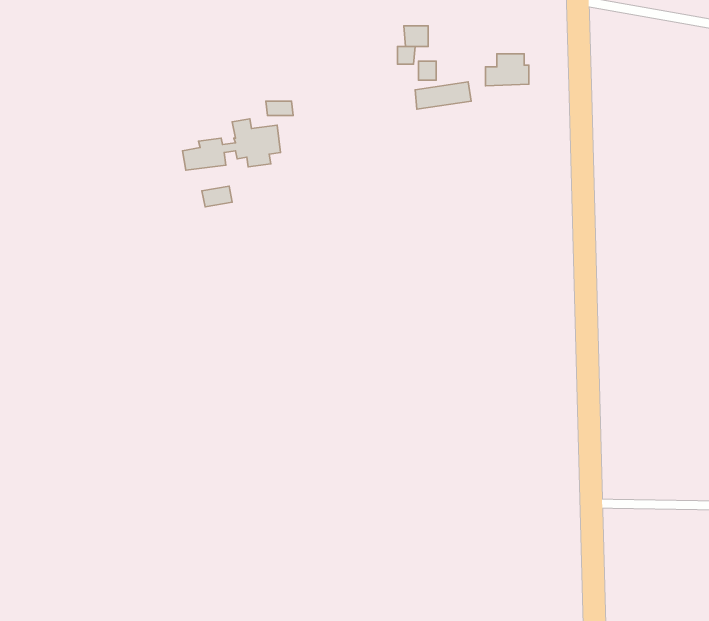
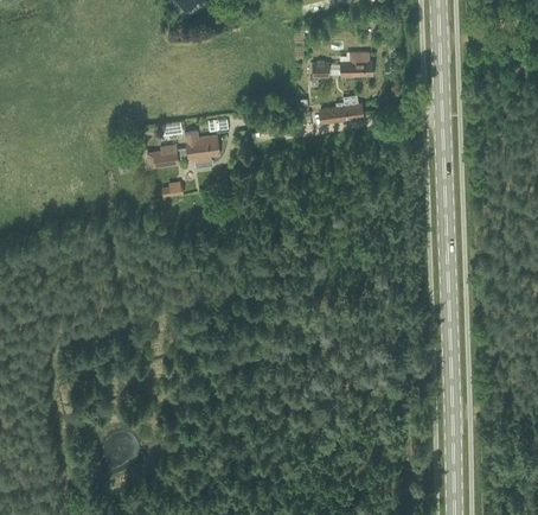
building: [486,54,529,86] -> [341,51,373,75]

